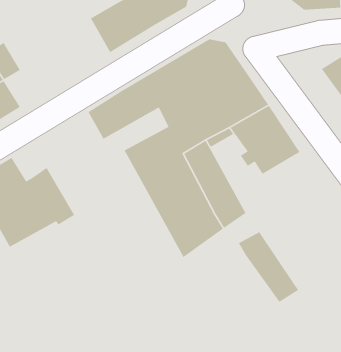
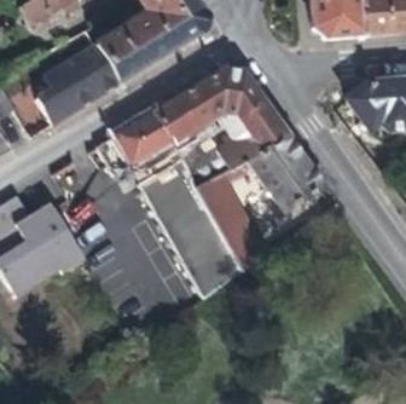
building: none -> [37,42,121,122]
building: [238,231,299,303] -> none

